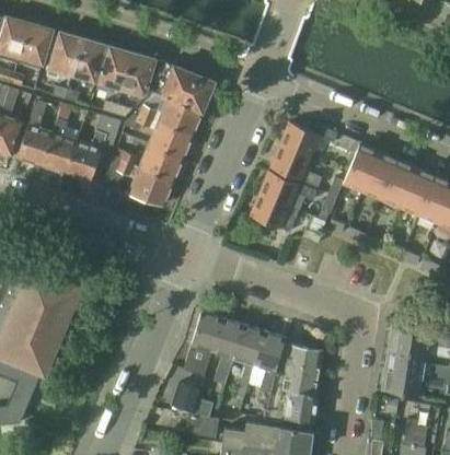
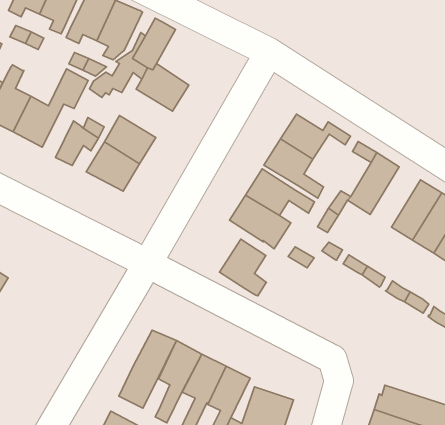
building: [173,70,215,113] -> none
building: [150,122,192,159] -> none
building: [362,152,399,201] -> none
building: none -> [219,239,266,296]

